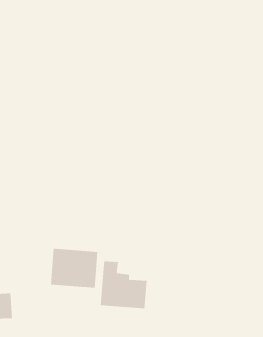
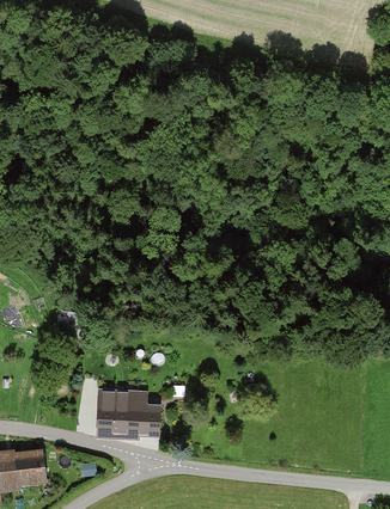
building: [100,261,147,309] -> none

